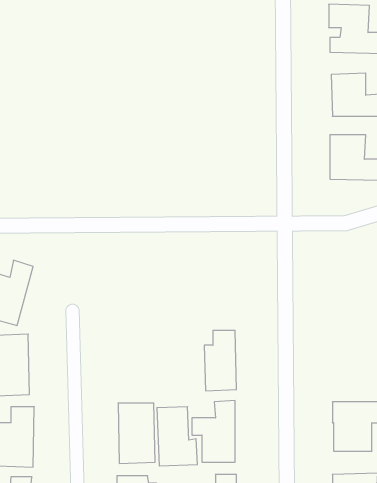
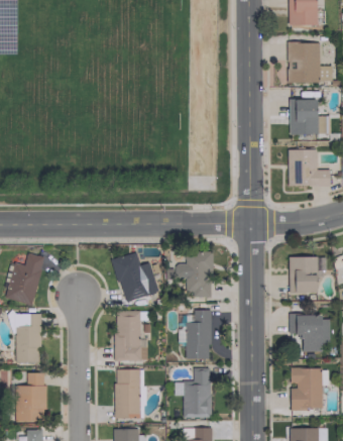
building: none -> [168,253,213,297]
building: none -> [114,254,159,303]
building: none -> [290,256,319,294]
building: none -> [290,315,323,352]
building: [157,407,197,466] -> [115,313,148,361]

